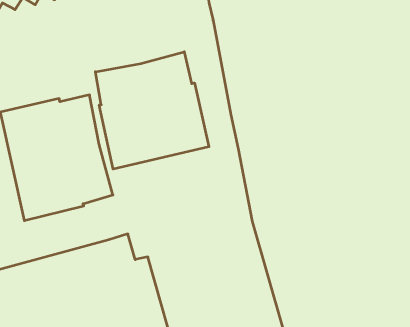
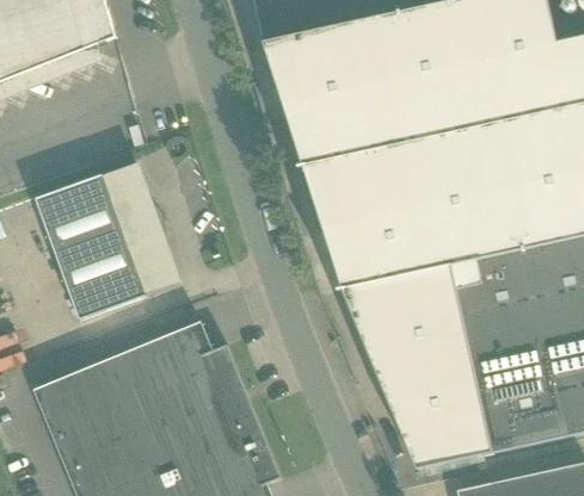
building: [95,52,209,169] -> none

